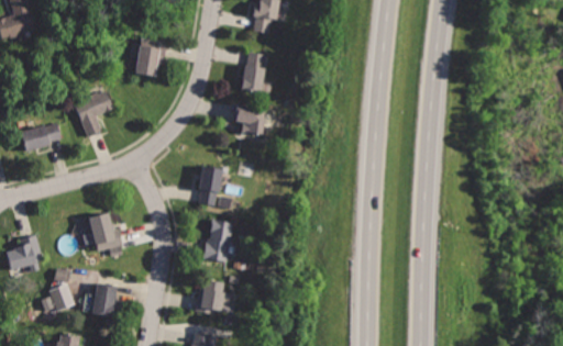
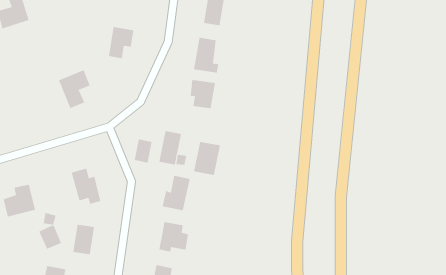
building: [16,116,62,154] -> none
building: none -> [134,139,152,164]
building: none -> [194,141,220,176]

